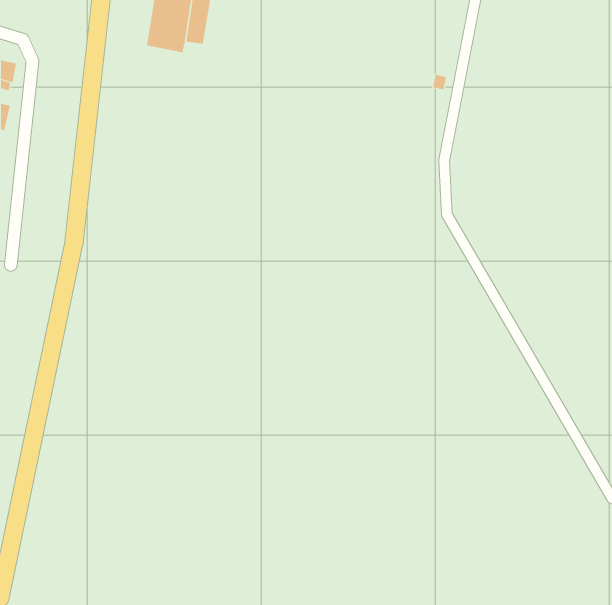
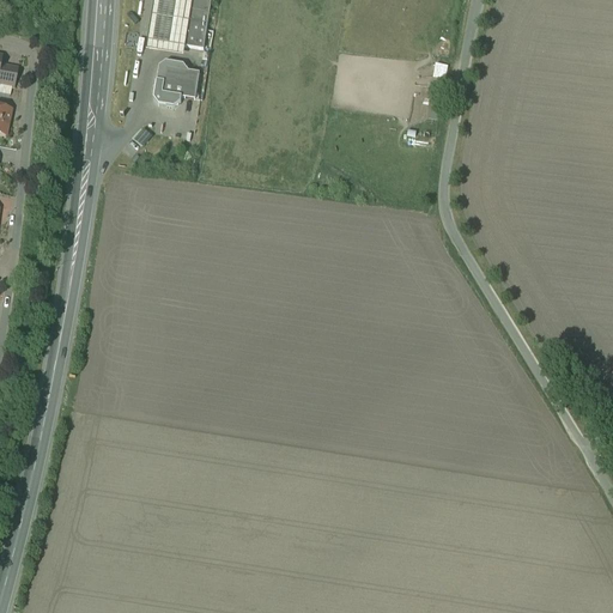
building: none -> [154,56,200,103]

